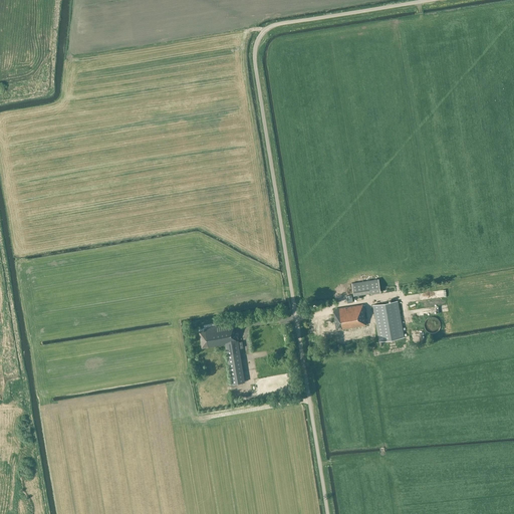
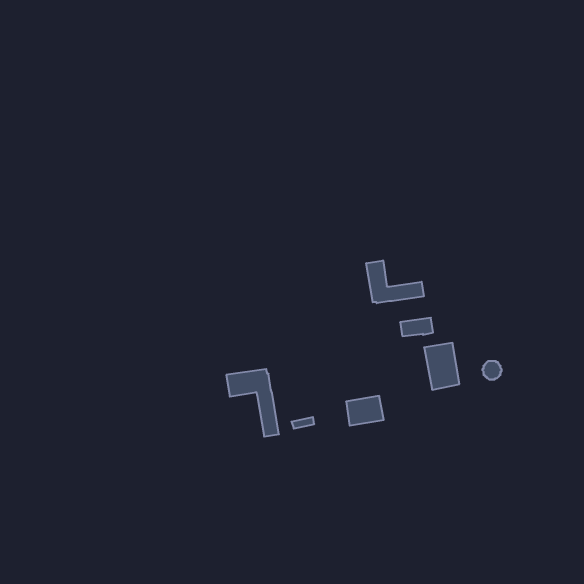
building: none -> [366,260,424,303]
building: [333,304,366,330] -> [346,396,384,426]

